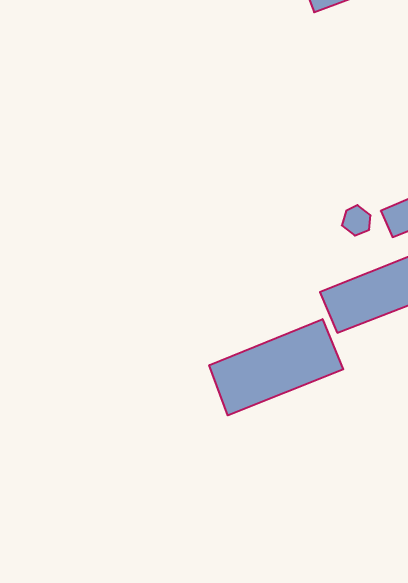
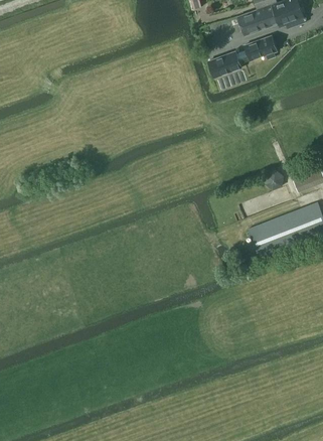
building: none -> [209,36,277,78]
building: [209,319,343,415] -> none

